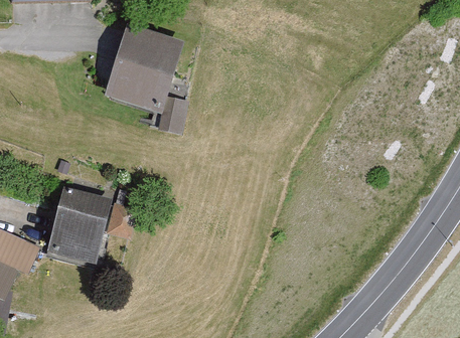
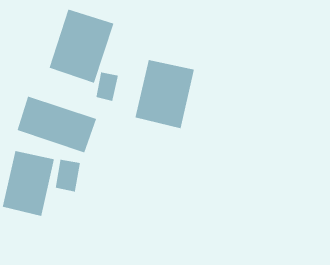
building: none -> [134,59,195,129]
building: none -> [17,96,97,153]

